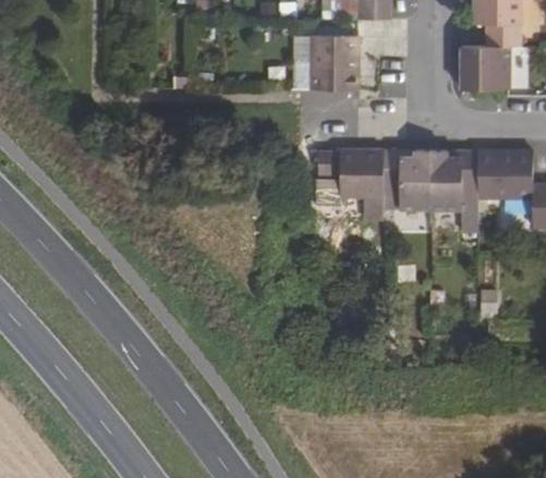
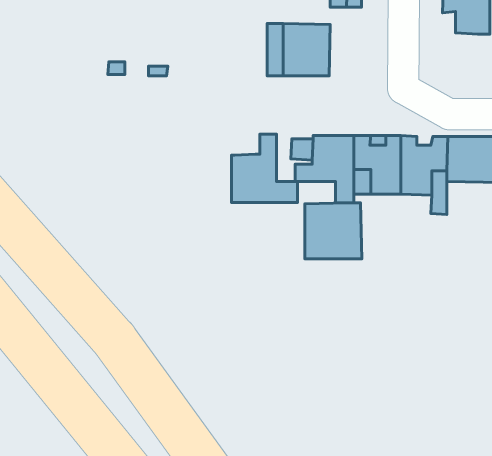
building: [461,45,510,88] -> none
building: none -> [231,134,298,203]
building: none -> [305,203,362,259]

